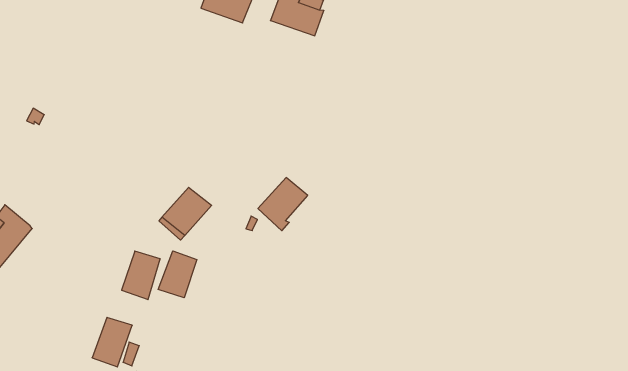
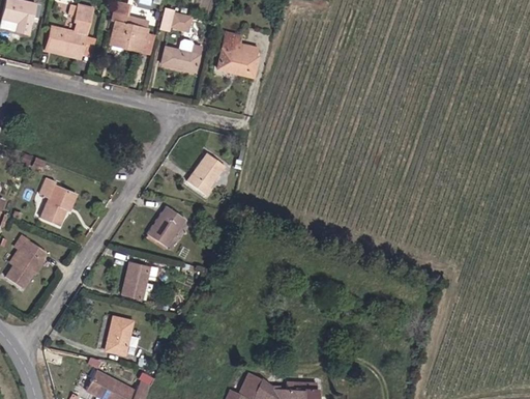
building: none -> [40,178,78,226]
building: [258,178,308,231] -> [187,153,226,196]
building: [158,251,197,298] -> none

